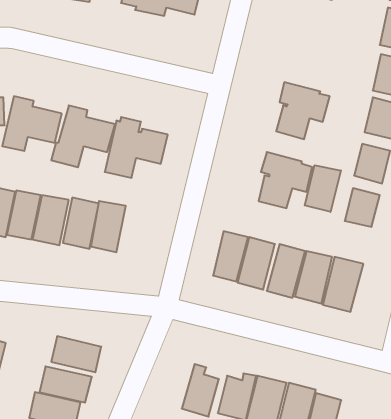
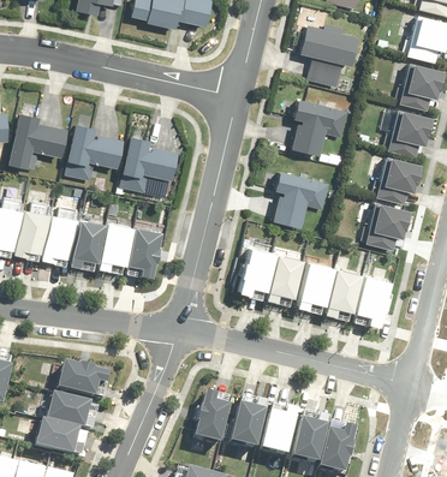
building: none -> [302,23,362,88]
building: [305,165,341,212] -> none
building: none -> [129,222,165,274]

